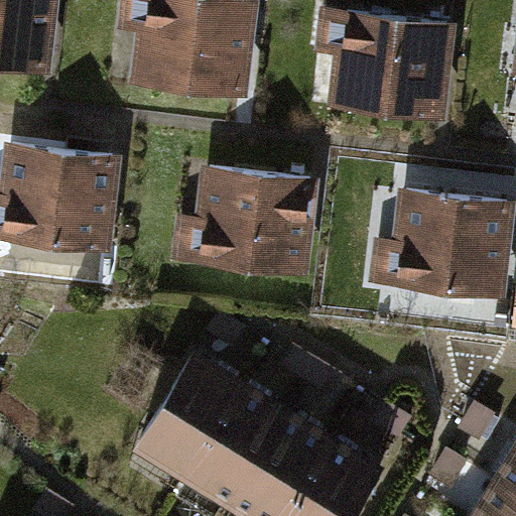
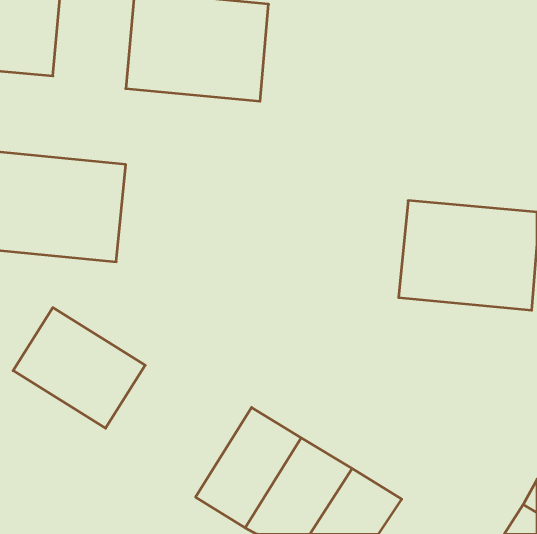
building: [322,12,459,117] -> none
building: [179,169,315,274] -> none
building: none -> [13,308,145,428]
building: [139,360,240,475] -> none

